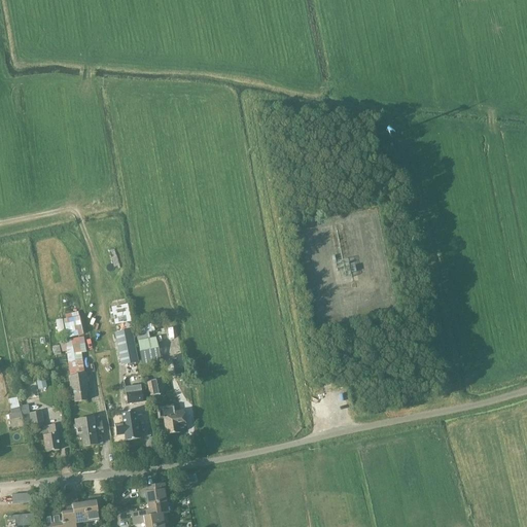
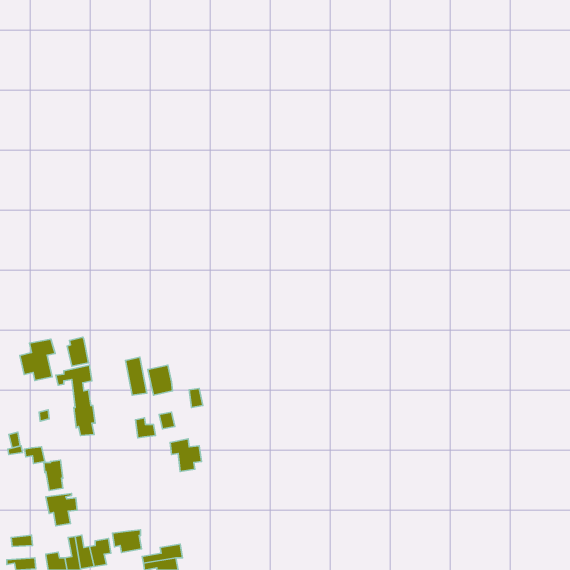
building: none -> [20,339,55,381]
building: [116,410,140,438] -> none
building: [75,416,104,446] -> [46,493,77,526]
building: [141,483,168,503] -> [112,530,142,552]

